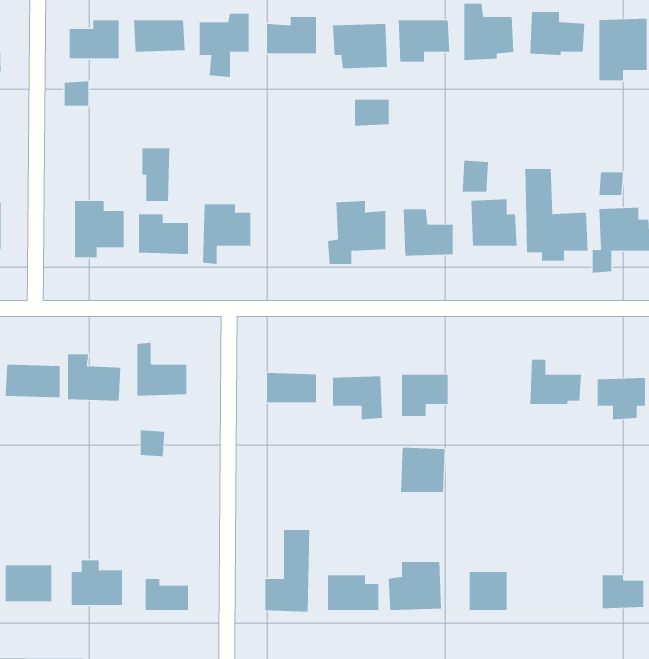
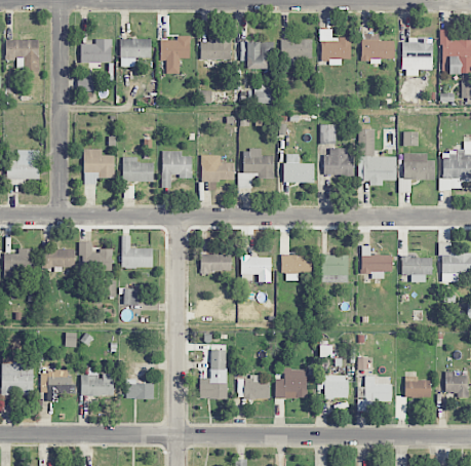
building: [142,147,170,202] -> none
building: none -> [201,155,233,181]
building: [400,447,446,493] -> [320,255,348,282]
building: none -> [357,376,390,413]

